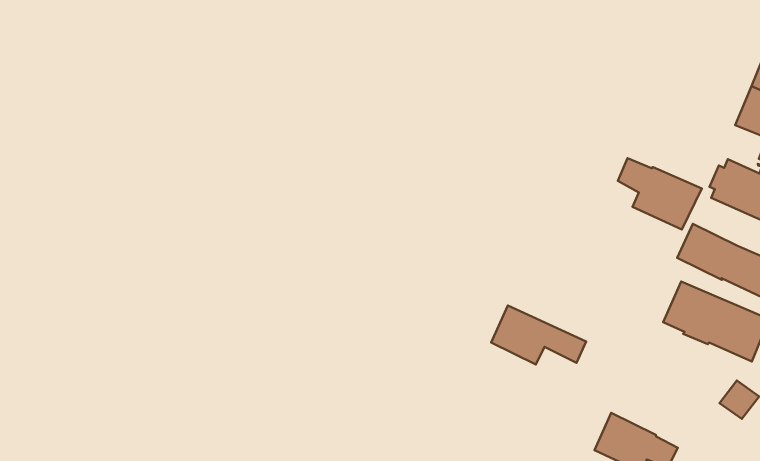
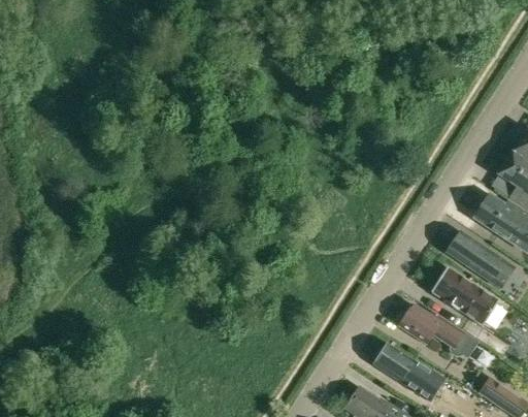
building: [618,158,702,230] -> none
building: [491,305,586,365] -> [401,304,461,348]

